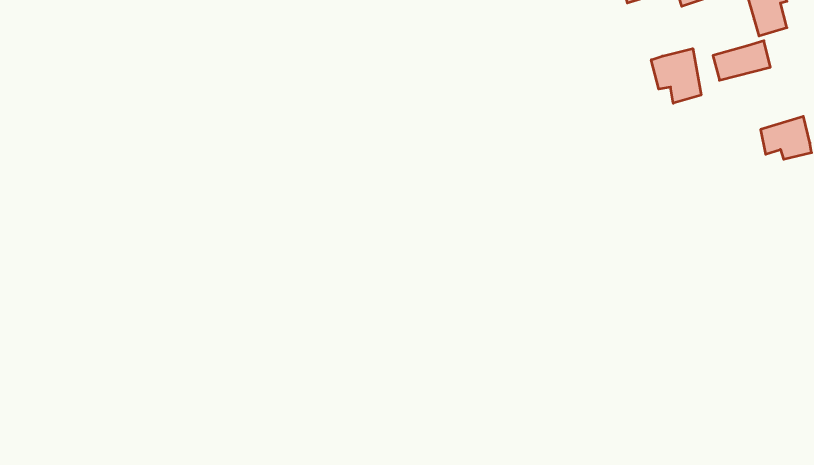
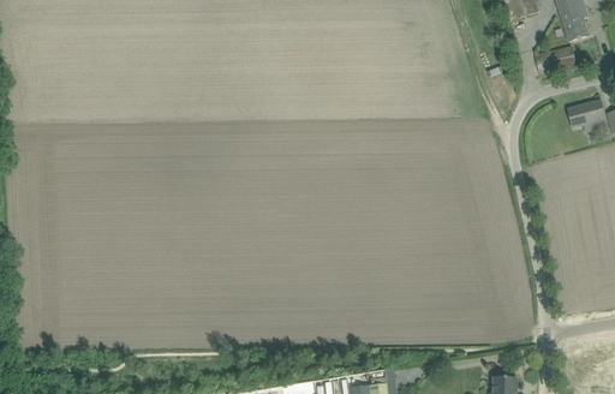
building: [651,49,701,103] -> none

